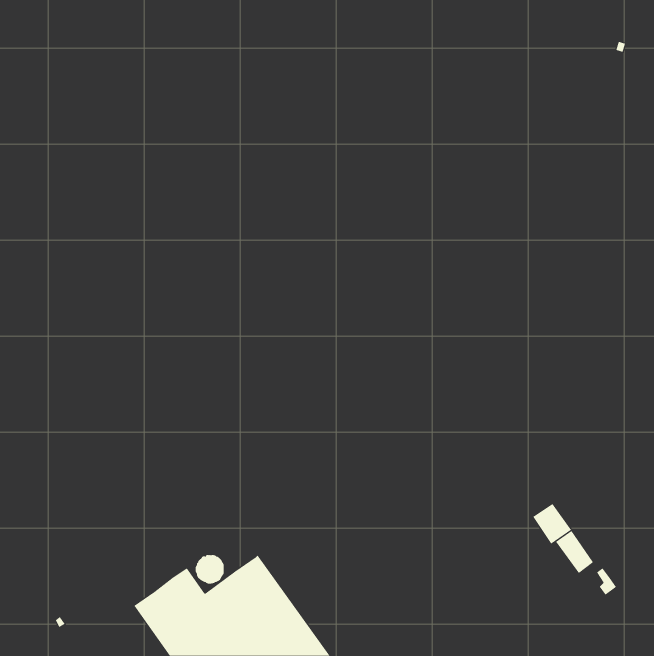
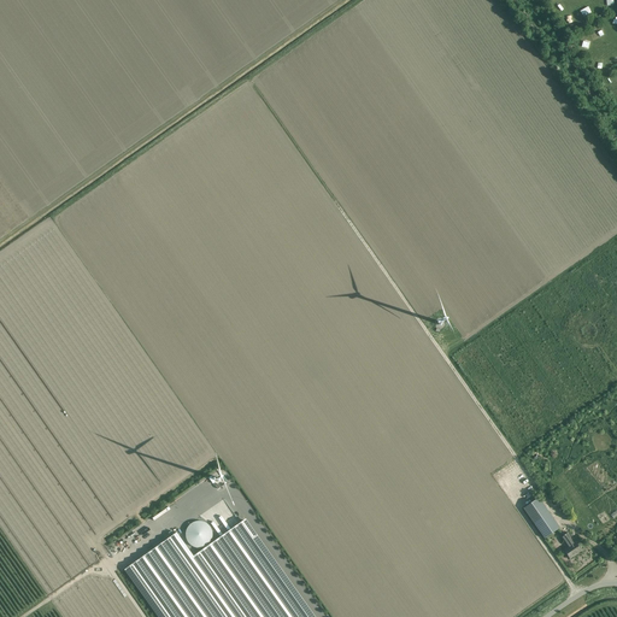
building: [533,503,572,545] -> none

